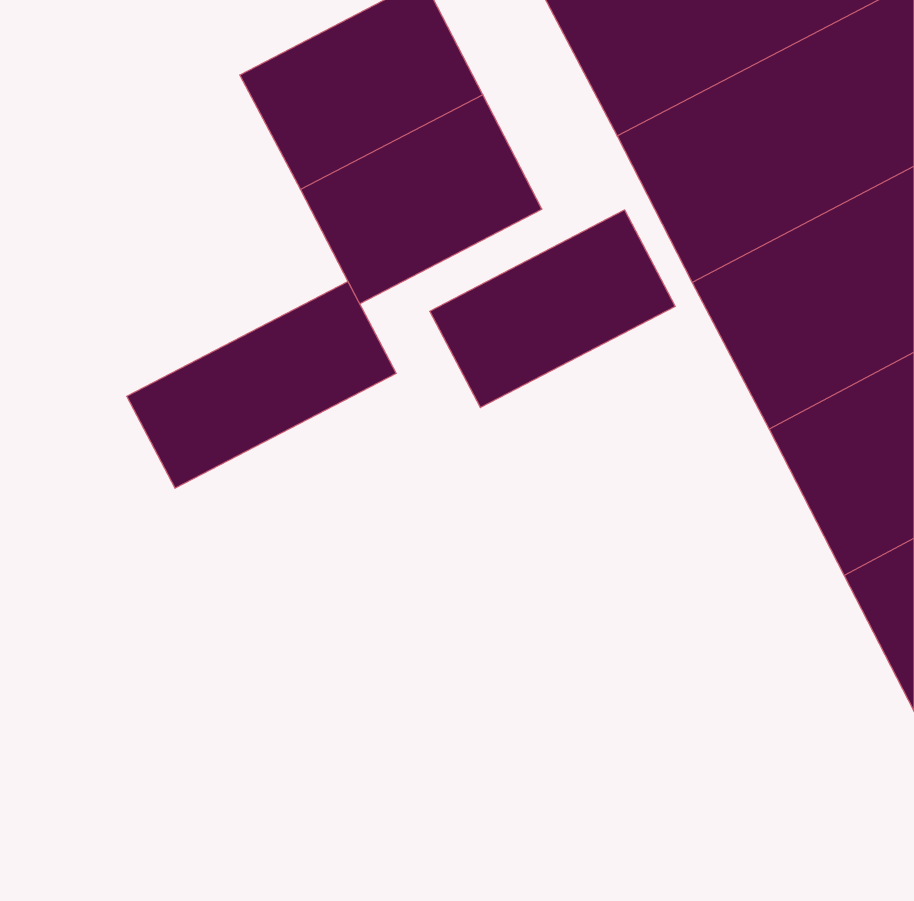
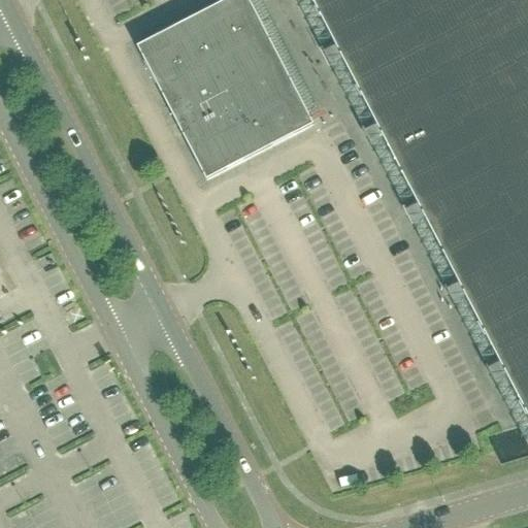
building: [430,210,675,408] -> none
building: [127,281,396,488] -> none

